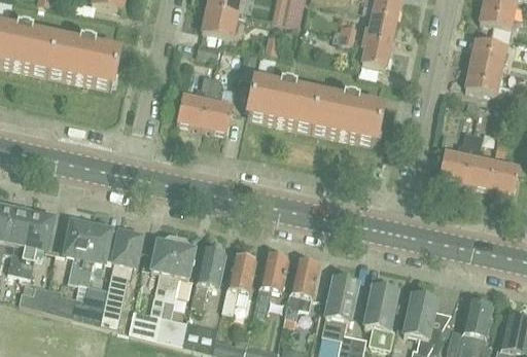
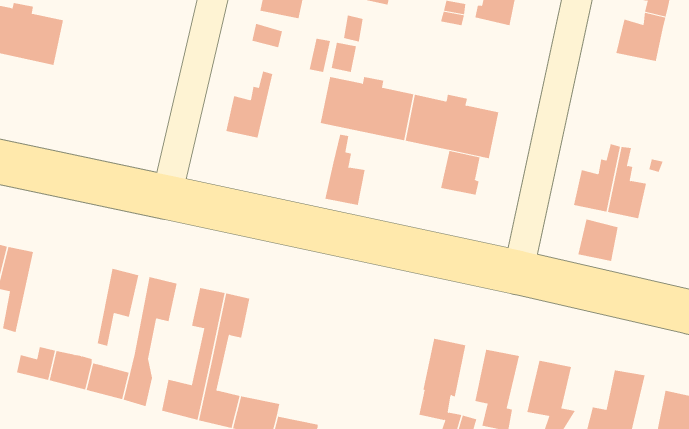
building: [362,34,391,65] -> none
building: [48,36,119,84] -> none
building: [465,61,514,95] -> none
building: [202,76,233,130] -> [324,134,365,206]
building: none -> [441,150,480,196]
building: [488,158,519,190] -> [578,219,619,261]
building: [20,210,54,273] -> none
building: [65,218,92,279] -> none
building: [191,247,226,302] -> none
building: [254,251,289,314] -> none
building: [222,253,256,310] -> none
building: [285,258,319,315] -> none

